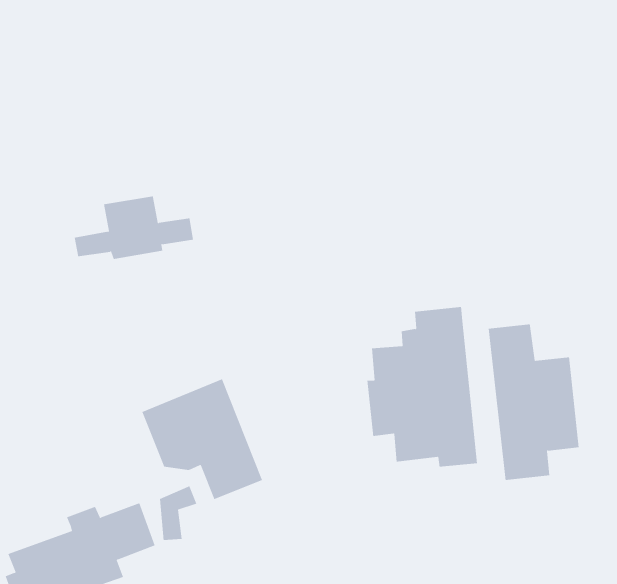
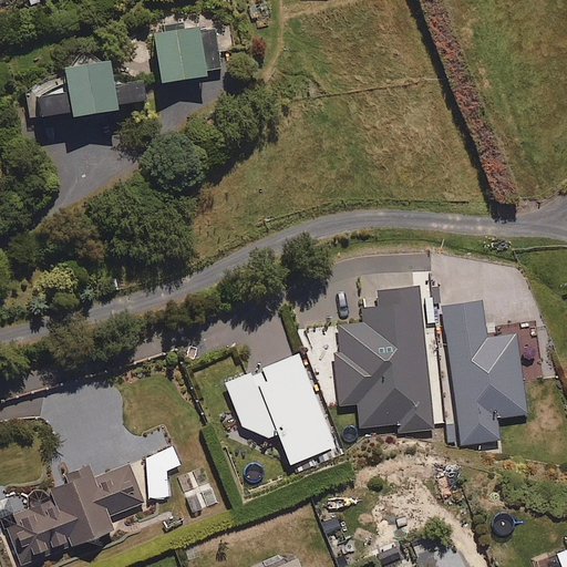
building: none -> [153,27,204,82]
building: [74,196,194,259] -> [35,60,144,117]
building: [142,379,263,500] -> [225,353,334,463]

